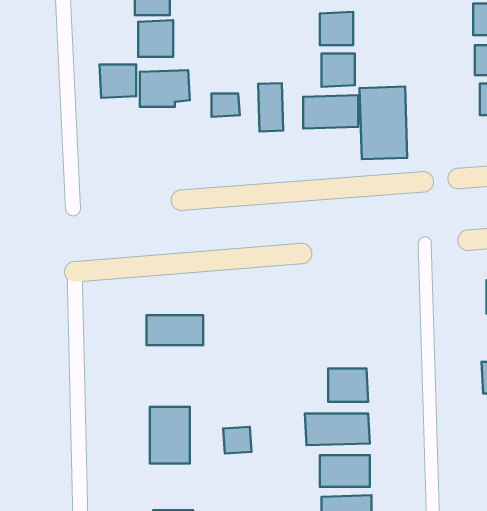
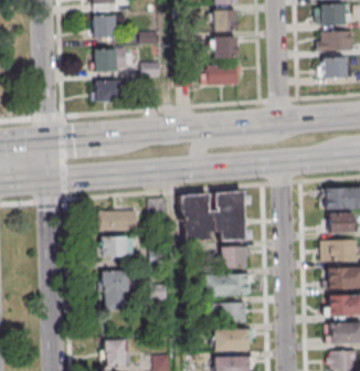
building: [100,64,136,98] -> [95,81,119,103]
building: [258,83,283,131] -> none
building: [360,87,407,159] -> none
building: none -> [179,192,248,241]
building: none -> [98,235,131,256]

